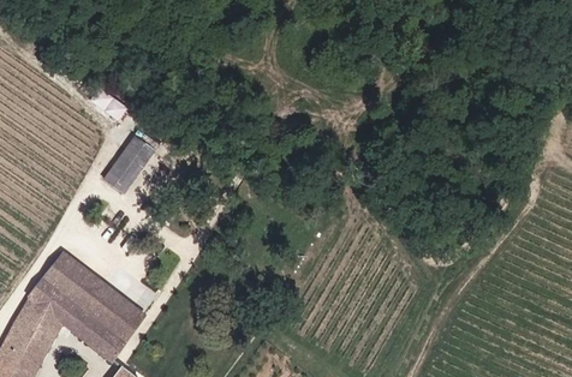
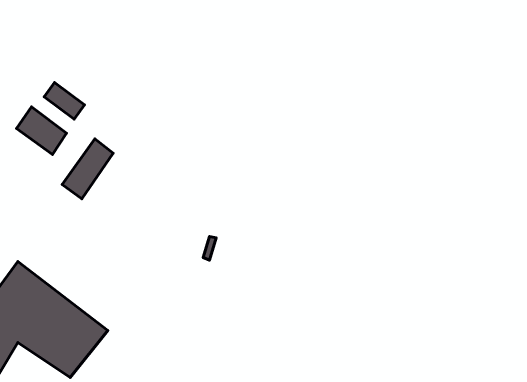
building: none -> [16,107,67,154]

